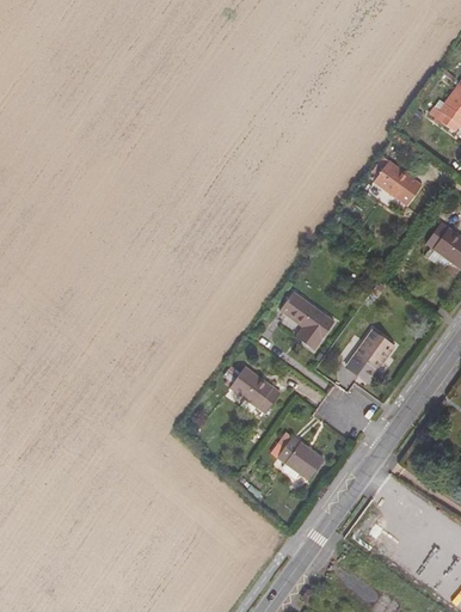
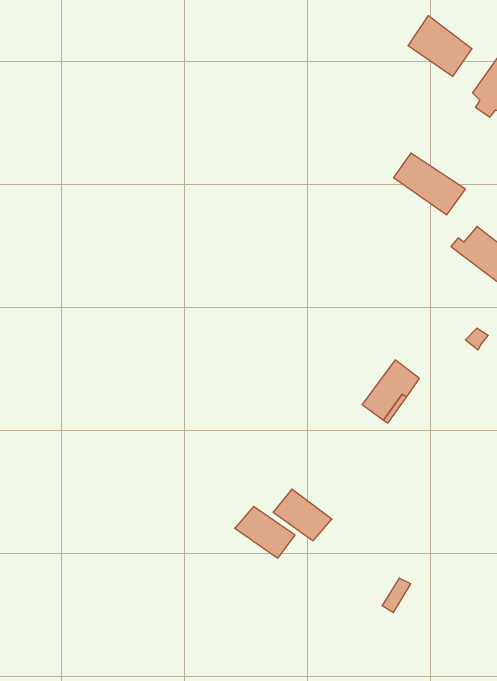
building: none -> [408,16,472,77]
building: [293,302,334,348] -> none
building: [226,369,276,412] -> [235,507,295,558]

